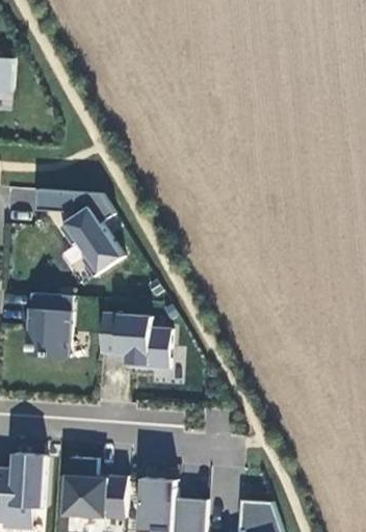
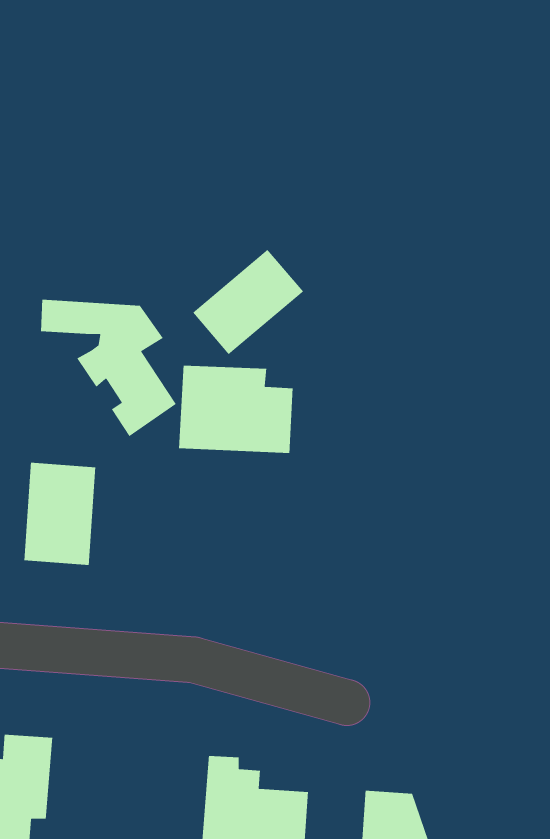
building: none -> [192,249,304,355]
building: [95,312,167,368] -> [178,365,293,454]
building: [64,456,127,517] -> none

